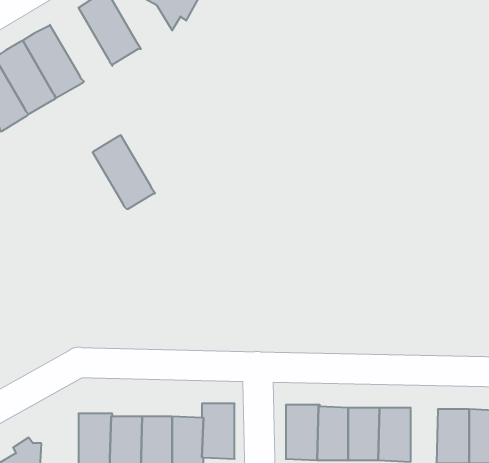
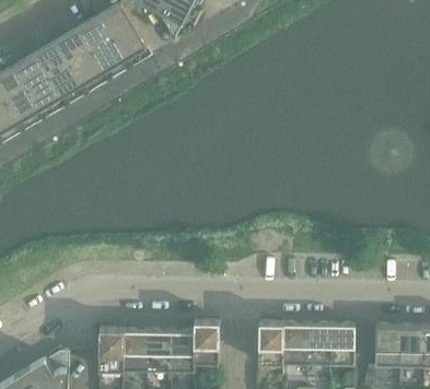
building: [93,135,155,209] -> [75,17,124,74]

